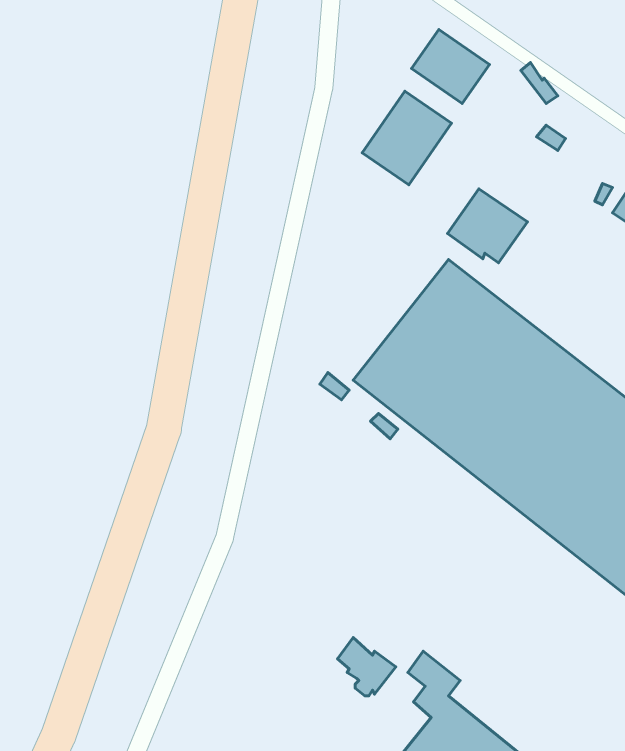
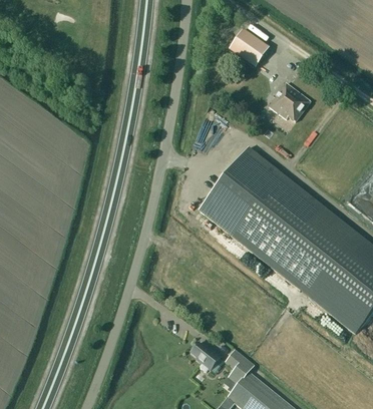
building: [362,91,451,185] -> none
building: [448,189,528,263] -> [269,83,310,121]

